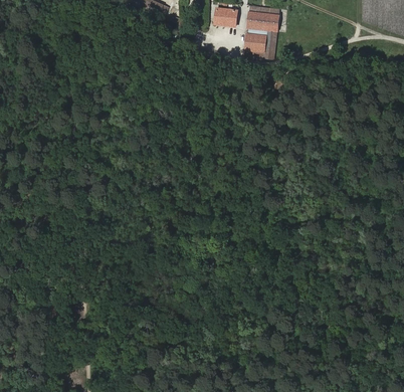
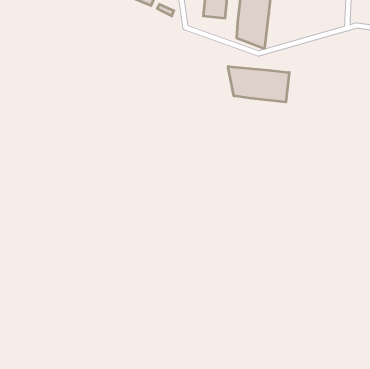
building: none -> [228,66,289,102]

